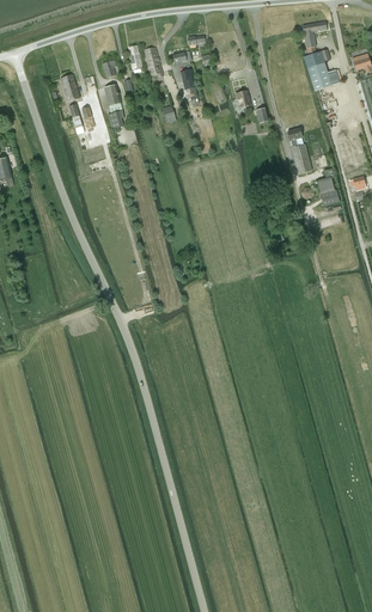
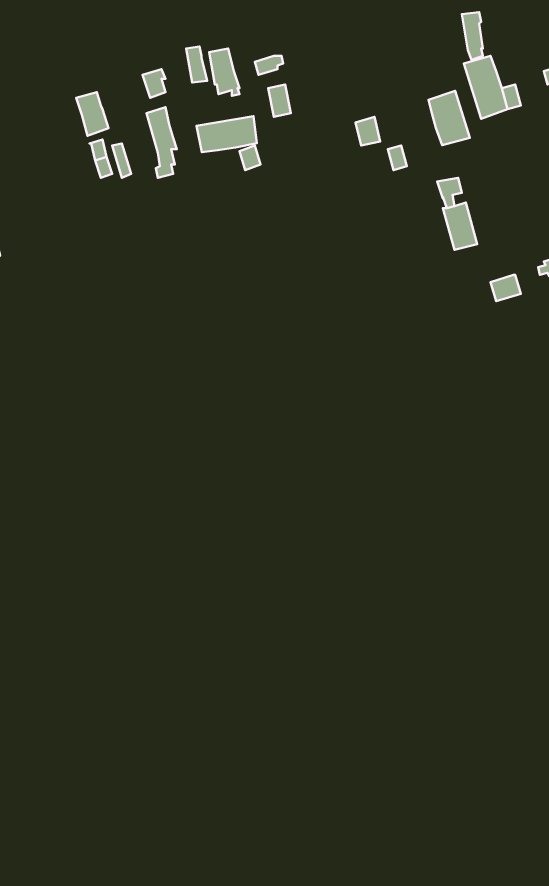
building: none -> [429,91,470,145]
building: none -> [197,116,257,152]

